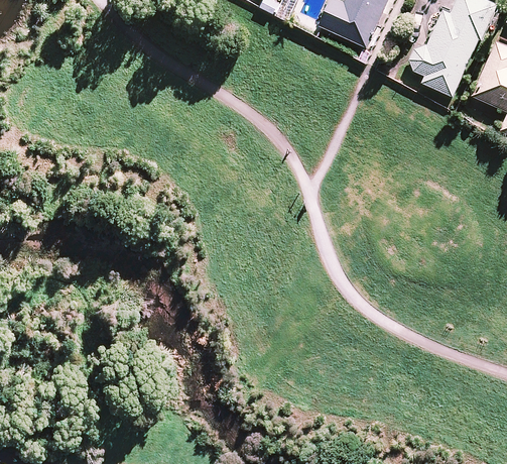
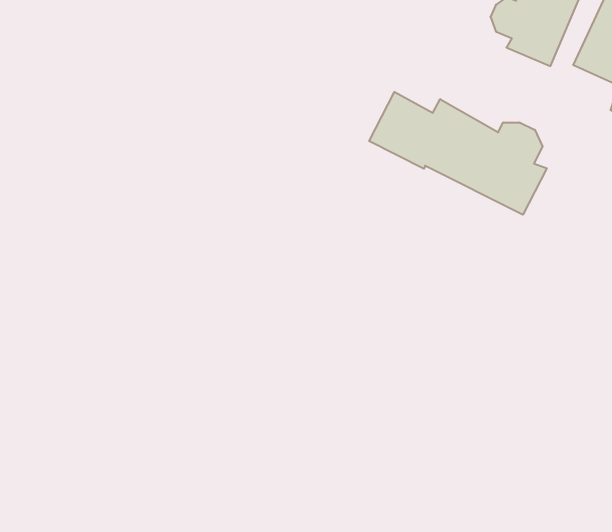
building: none -> [369,92,547,215]

